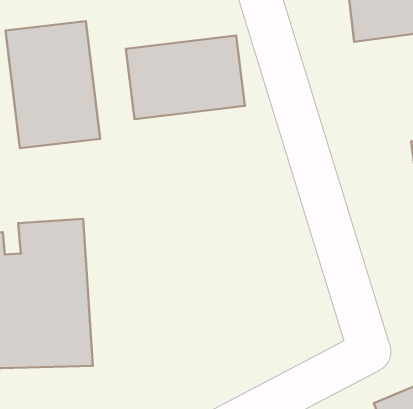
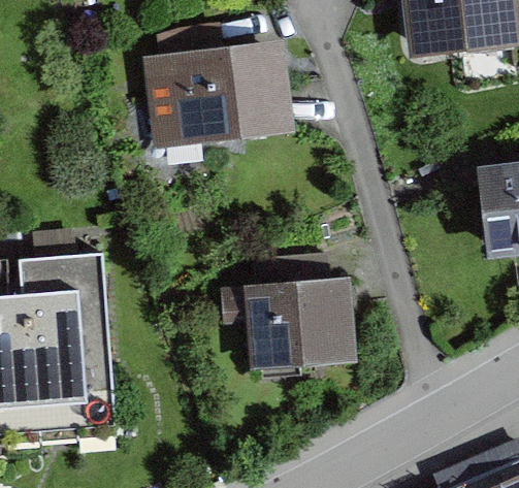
building: [6,21,100,148] -> none
building: none -> [242,276,354,371]

